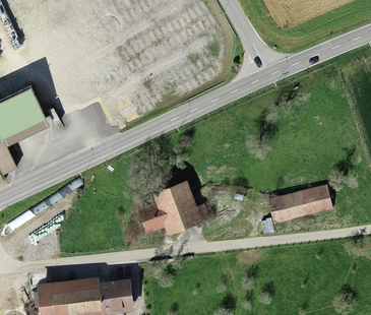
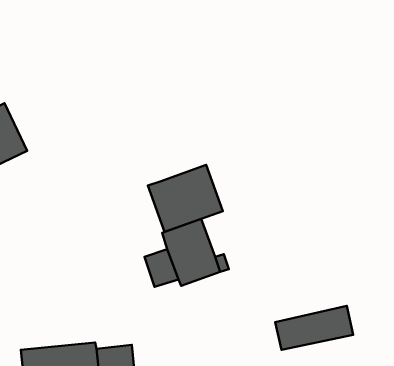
building: none -> [148,165,223,232]
building: [268,187,331,223] -> [275,306,353,350]

